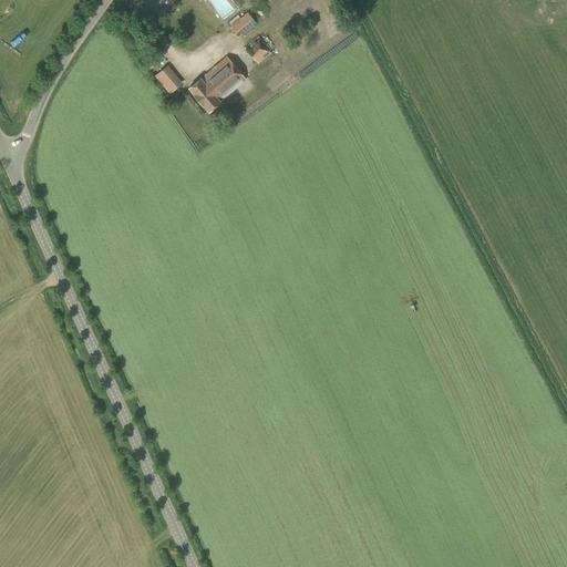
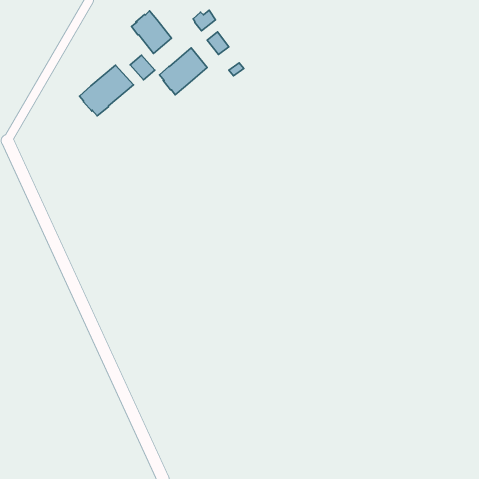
building: none -> [132,11,172,54]
building: none -> [79,65,133,116]

